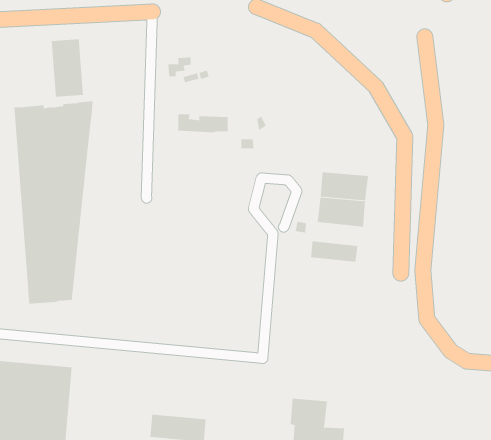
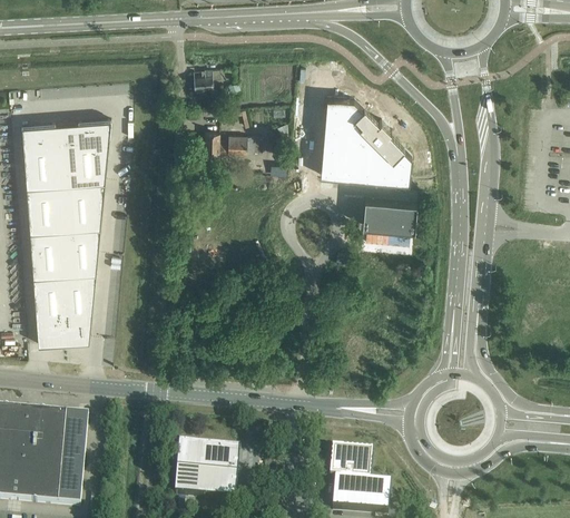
building: [51,39,84,98] -> none
building: none -> [321,95,412,182]
building: [310,241,358,263] -> none
building: none -> [176,440,239,471]

